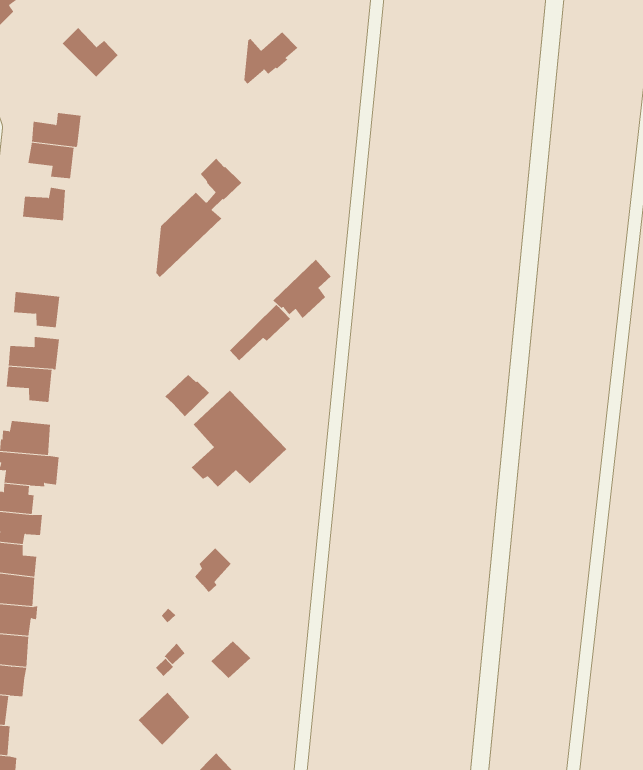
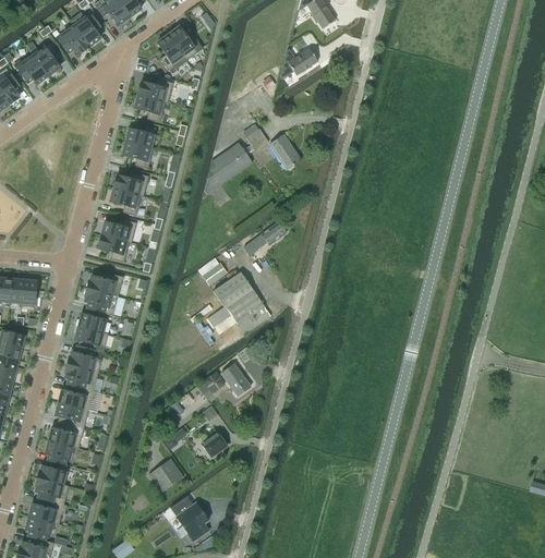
building: none -> [157,34,187,69]
building: none -> [269,134,301,169]
building: none -> [122,141,154,168]
building: [273,259,332,319] -> none
building: none -> [113,171,149,195]
building: none -> [221,363,251,396]

